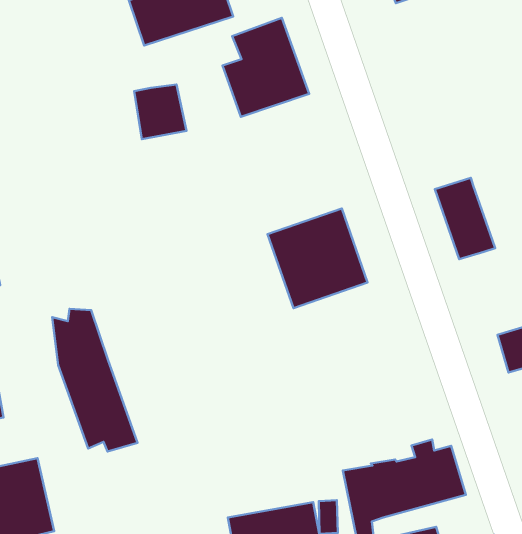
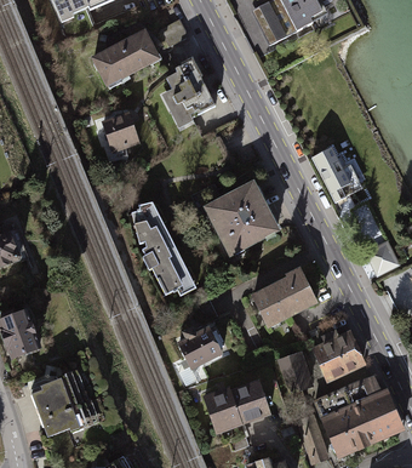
building: [52,309,138,451] -> [128,206,198,299]
building: none -> [252,268,315,324]
building: none -> [178,324,227,371]

